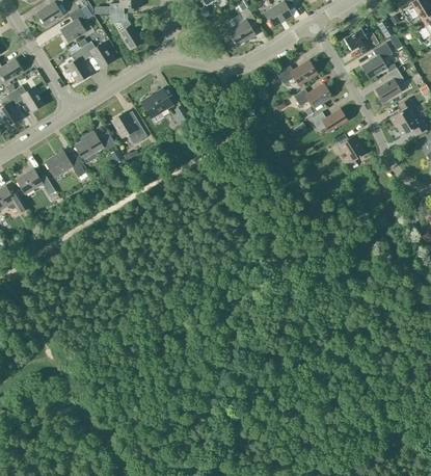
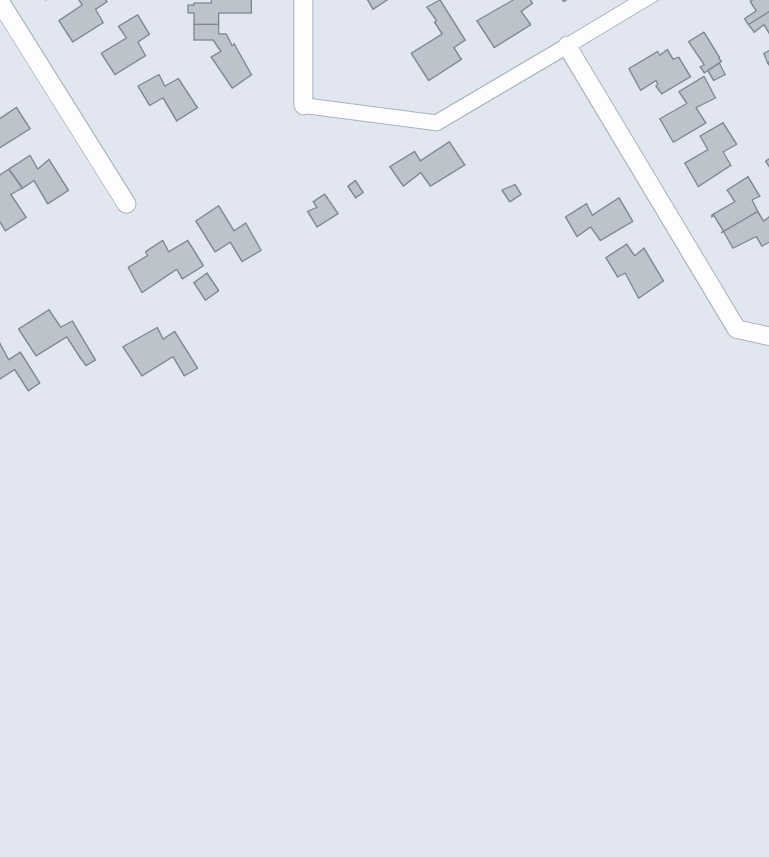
building: [68,48,89,82] -> none
building: [276,60,317,84] -> [390,142,465,186]
building: [293,84,331,112] -> none
building: [142,89,171,116] -> none
building: [45,151,85,177] -> [123,328,198,376]

